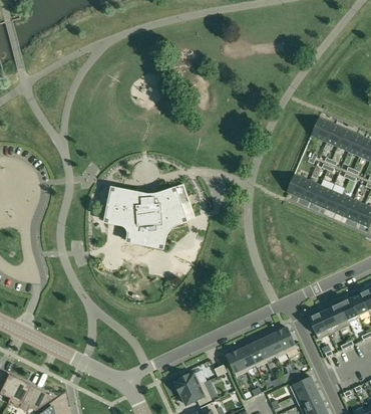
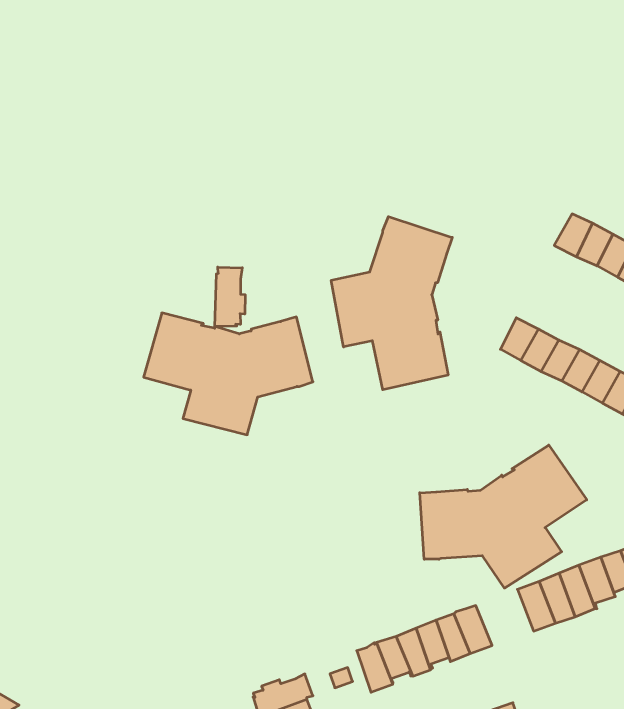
building: none -> [331,217,452,390]
building: none -> [215,267,245,326]
building: none -> [420,445,587,588]

